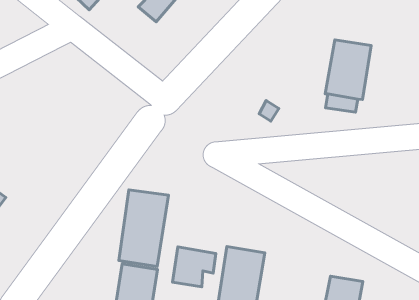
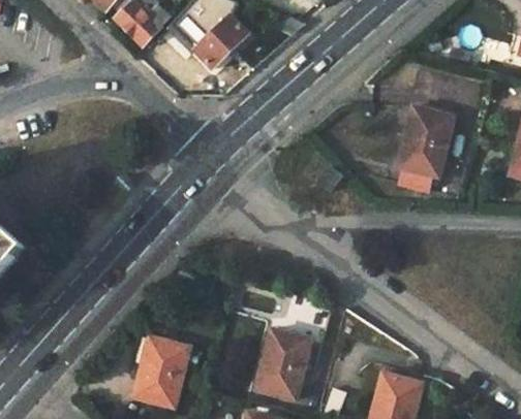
building: [119,190,168,267] -> none
building: [173,247,216,287] -> none

